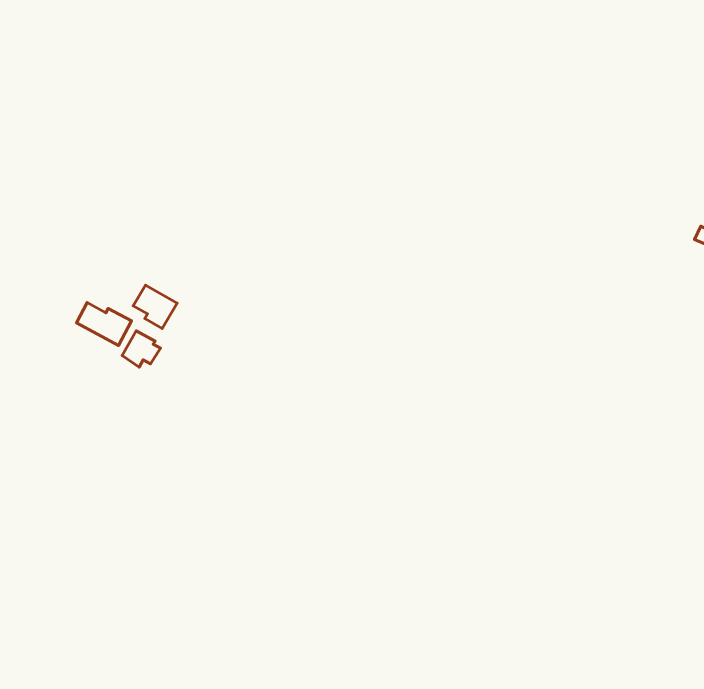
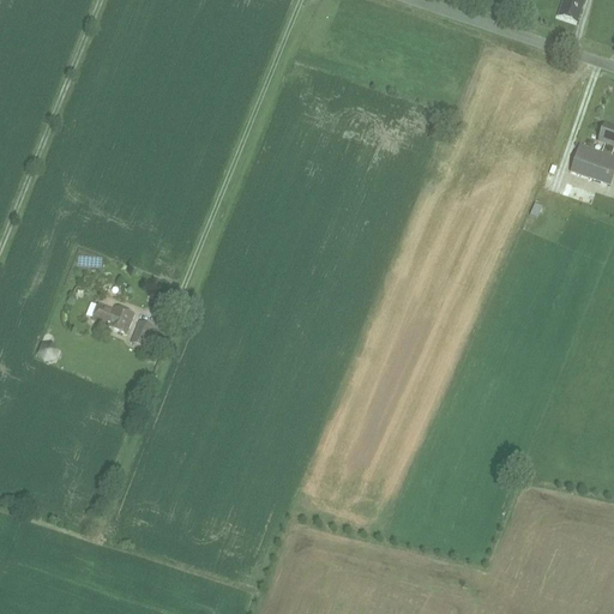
building: [133,285,177,328] -> none

